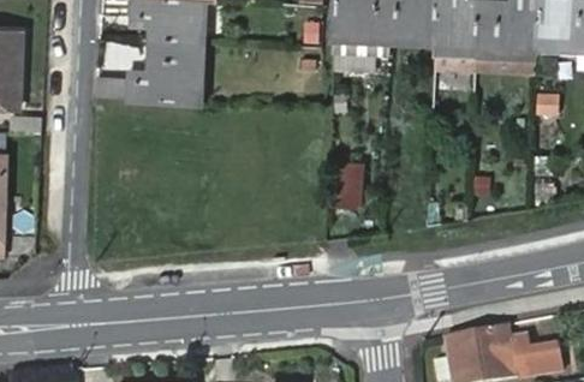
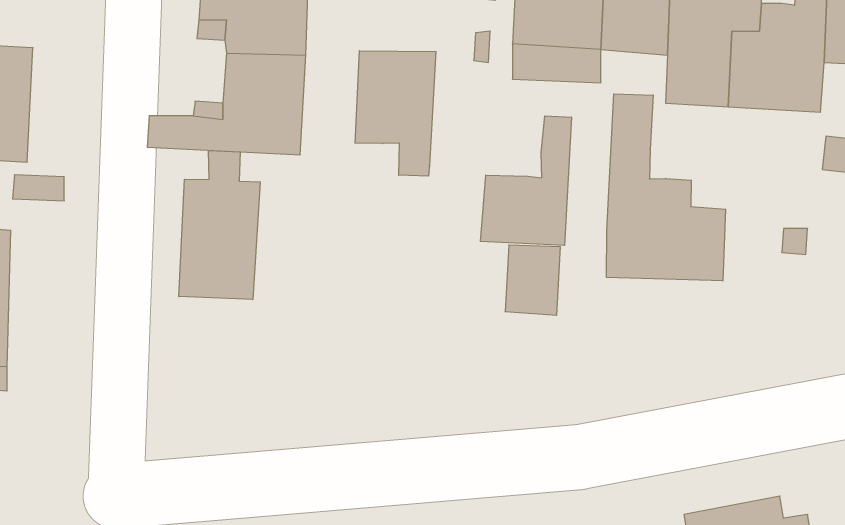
building: none -> [355,51,436,176]
building: none -> [607,94,726,281]
building: none -> [480,116,571,245]
building: none -> [179,151,260,300]

